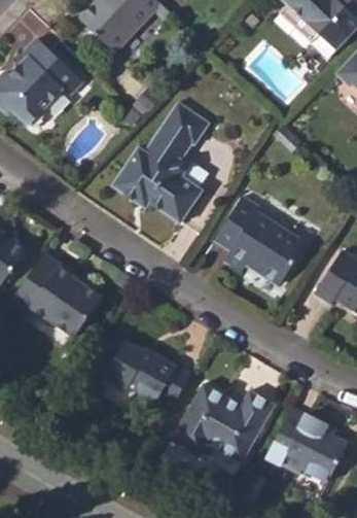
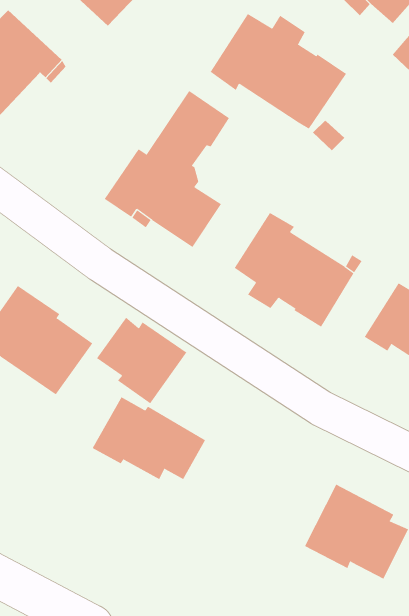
building: none -> [210,13,347,129]
building: none -> [96,317,187,404]
building: [171,383,276,463] -> none

